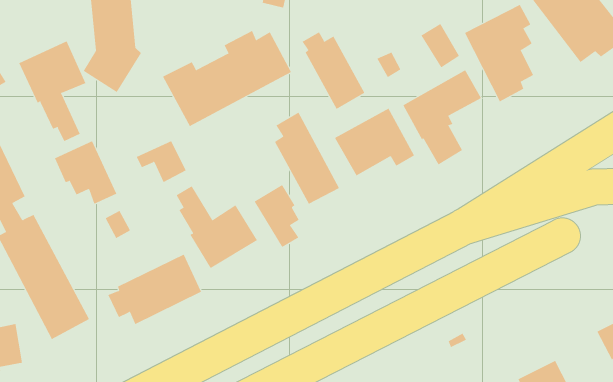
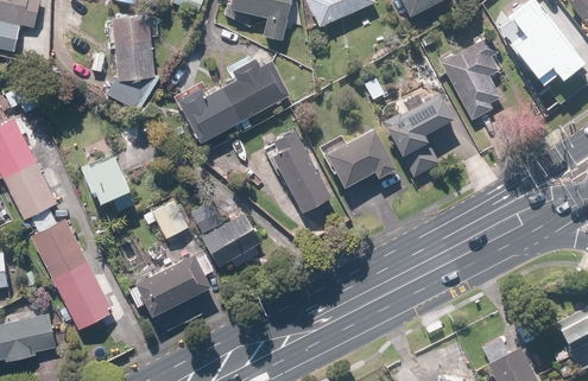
building: [302,31,365,110] -> none
building: [19,41,86,142] -> none
building: [136,141,187,183] -> [144,202,188,239]
building: [254,184,300,248] -> none

